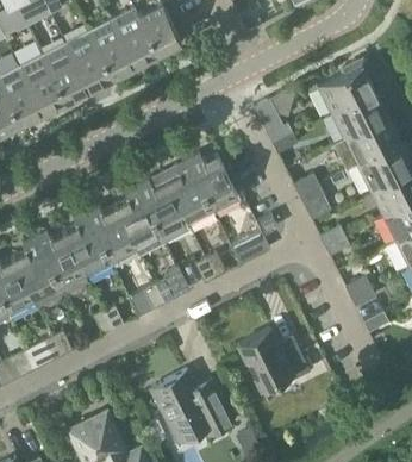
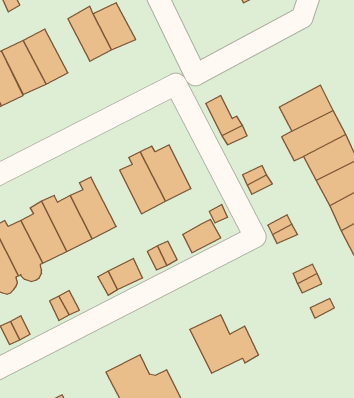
building: [88,21,135,77] -> none
building: [317,58,374,113] -> none
building: [136,179,188,237] -> none

